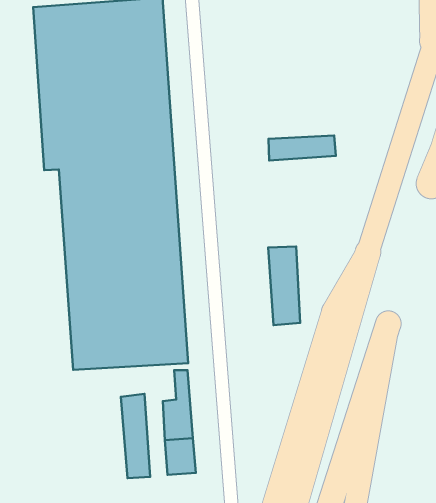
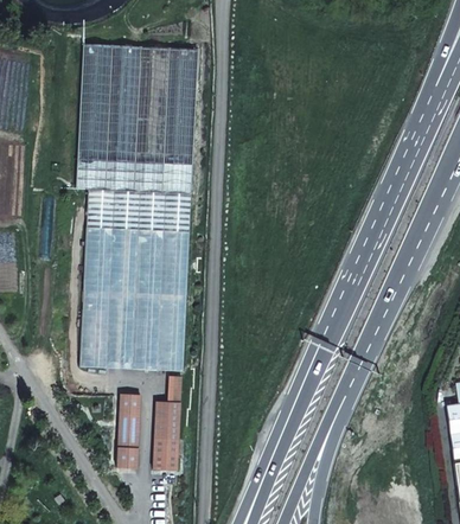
building: [269,135,336,160] -> none
building: [268,247,300,325] -> none

